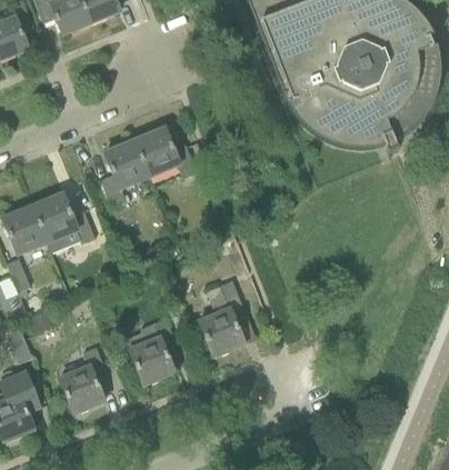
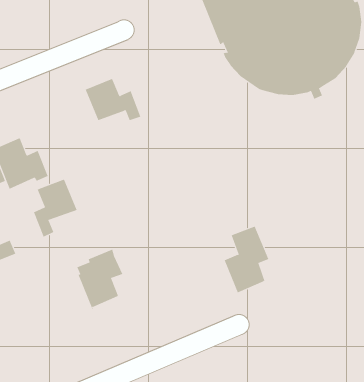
building: [101,142,150,207] -> [33,179,77,237]
building: [198,280,248,356] -> [224,226,269,295]
building: [59,347,108,413] -> none

